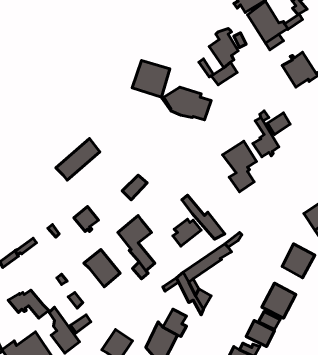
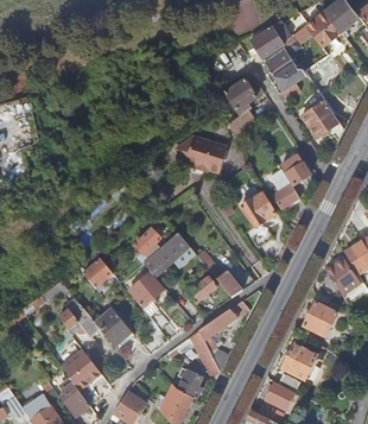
building: [132,61,170,97] -> none
building: [56,138,100,180] -> [142,232,189,276]
building: [8,290,49,318] -> [57,305,100,335]

